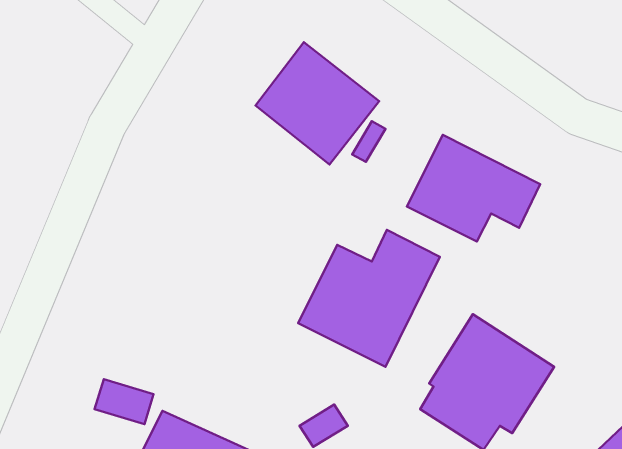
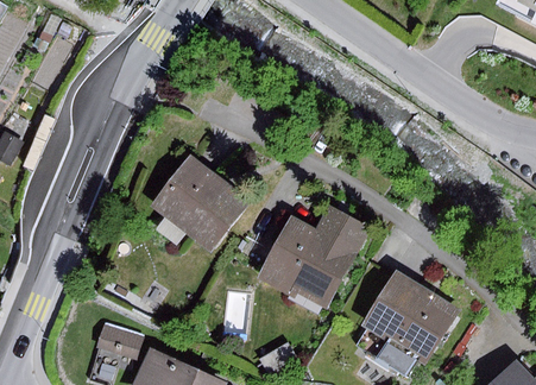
building: [256,42,379,164] -> [151,156,248,252]
building: [407,135,540,241] -> none

